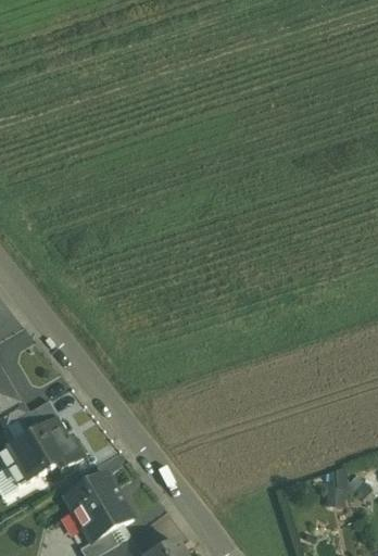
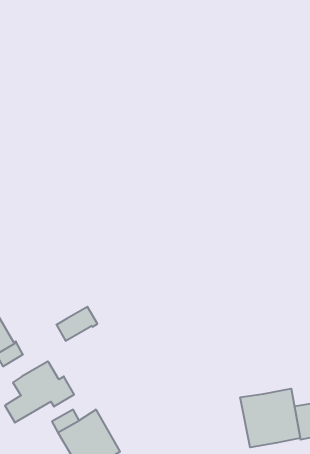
building: [16,399,61,435] -> [56,307,97,341]
building: none -> [240,389,300,447]

